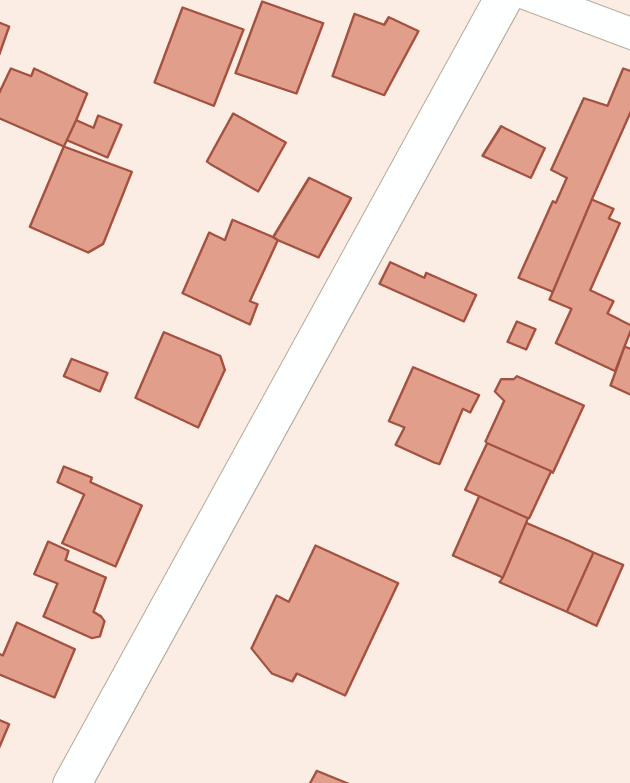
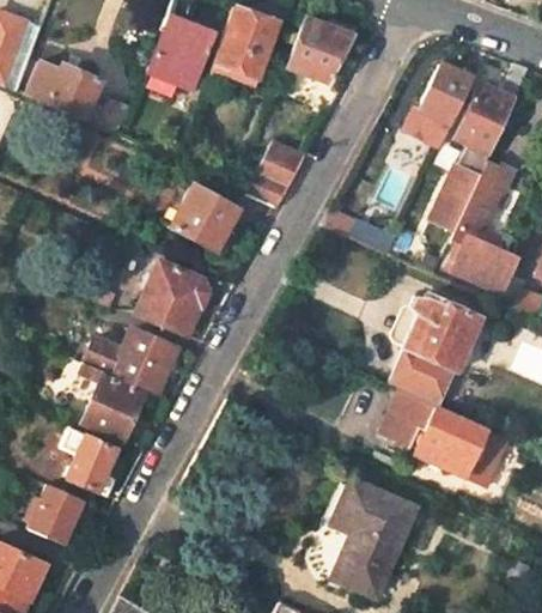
building: none -> [421,62,470,121]
building: [207,113,286,192] -> none
building: [30,147,132,252] -> none
building: [389,367,479,464] -> none
building: none -> [81,328,176,393]
building: [251,546,398,695] -> [300,478,413,593]

